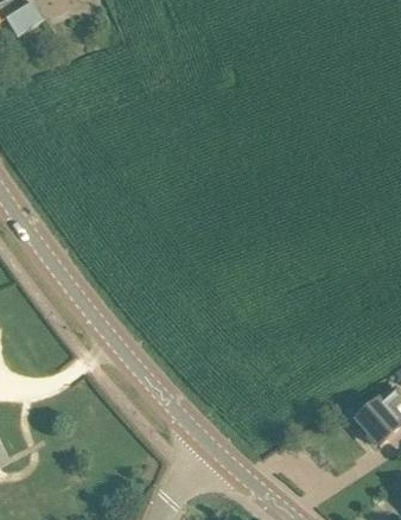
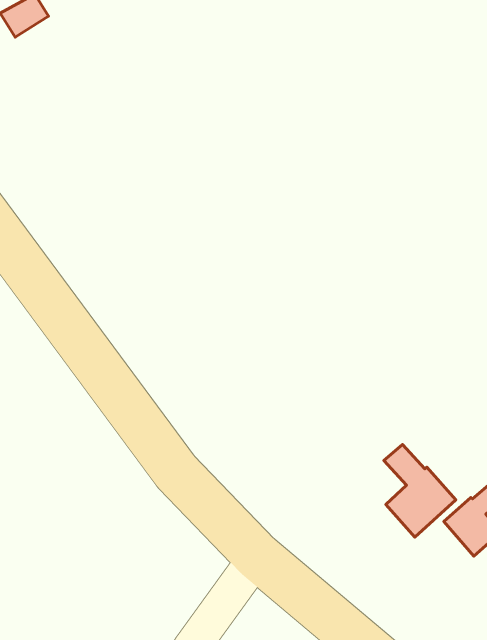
building: none -> [384,444,456,537]

